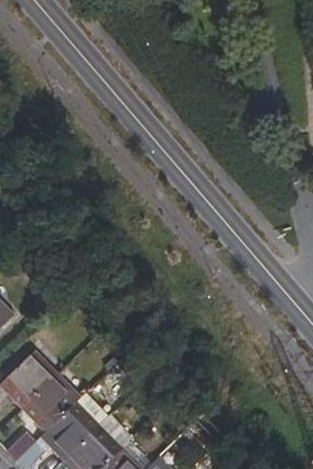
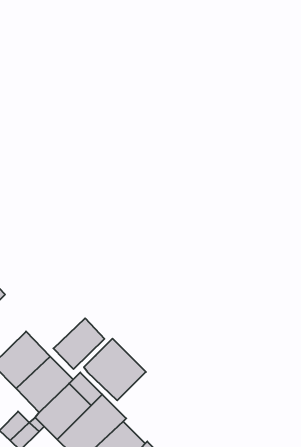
building: none -> [53,318,104,369]
building: none -> [84,339,146,400]

